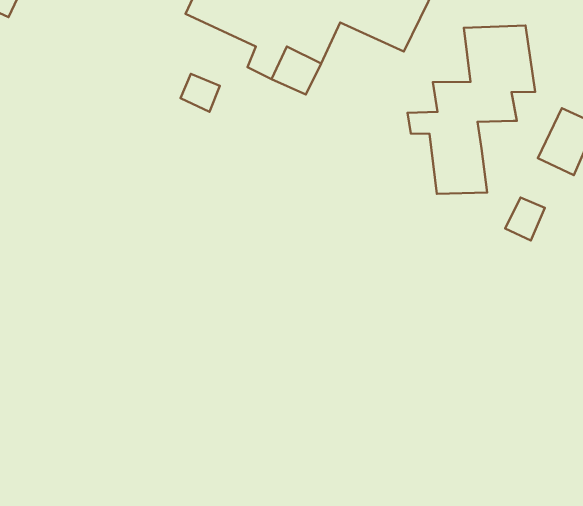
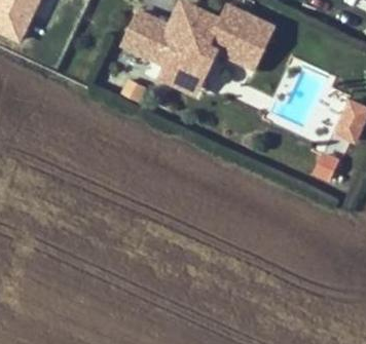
building: [408,25,535,194] -> none

